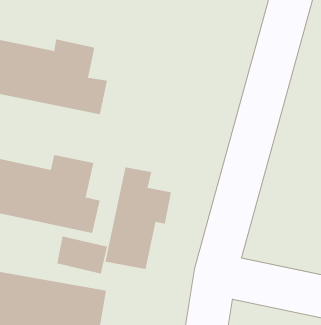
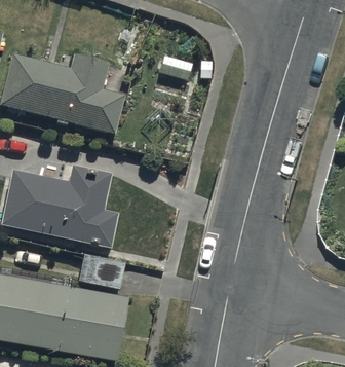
building: [105,166,172,270] -> none

